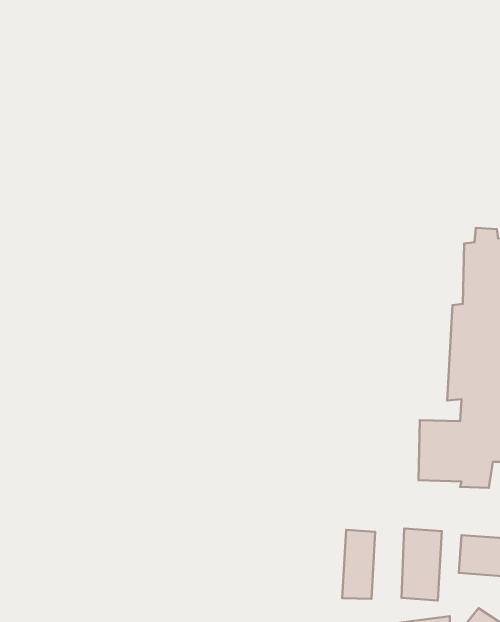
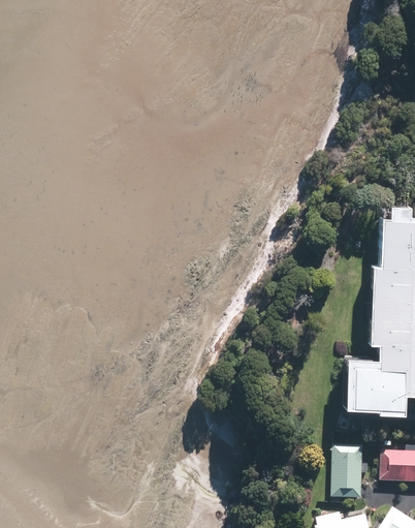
building: [342,530,375,599] -> none

